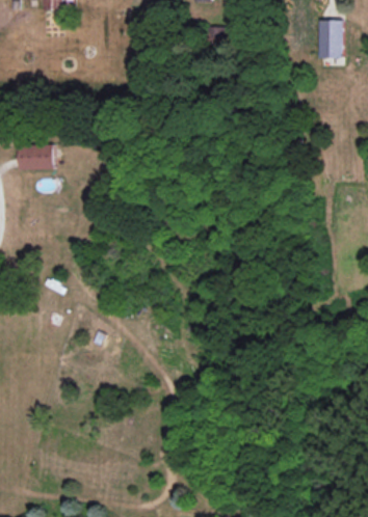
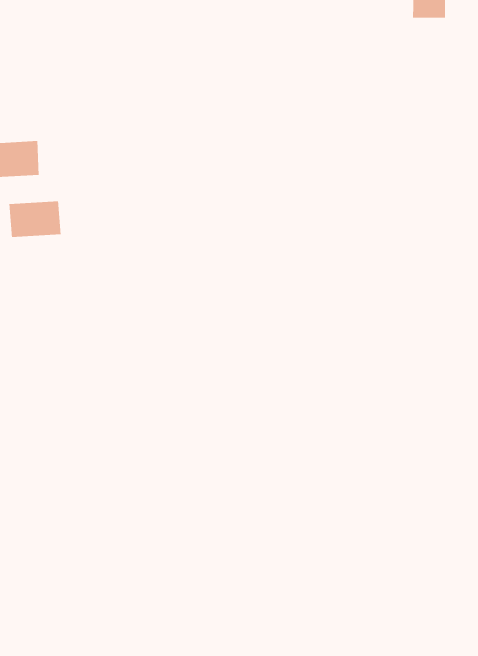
building: none -> [9,200,61,238]

